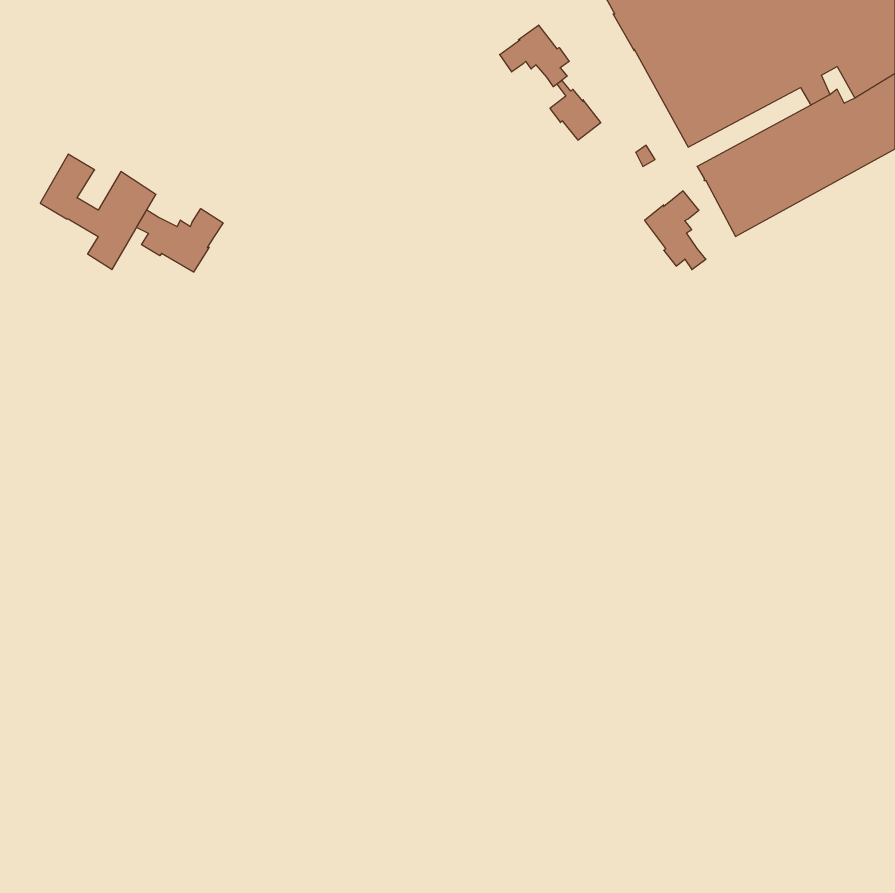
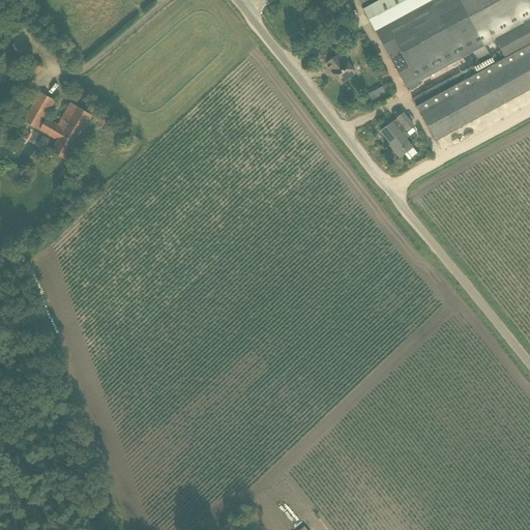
building: [500,25,569,87] -> none
building: [137,209,223,272] -> none

